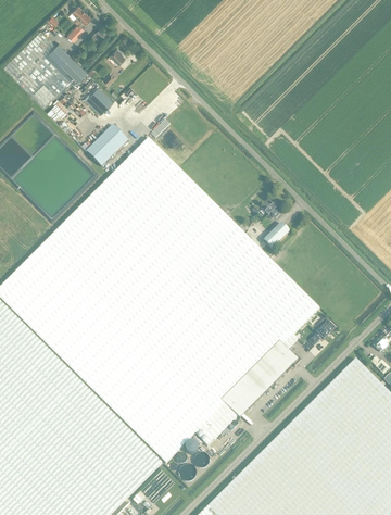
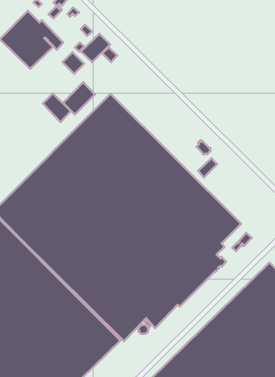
building: none -> [81,34,110,62]
building: none -> [43,93,71,122]

